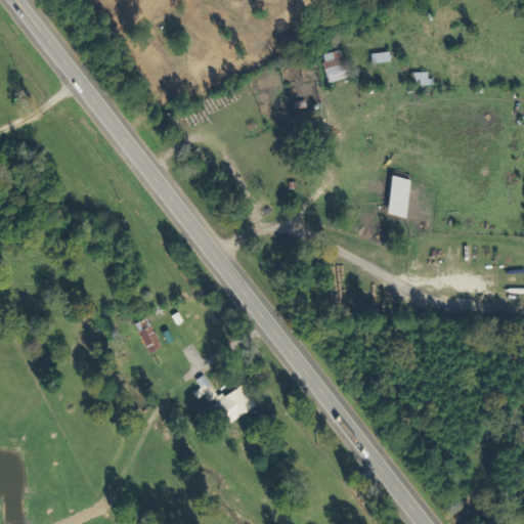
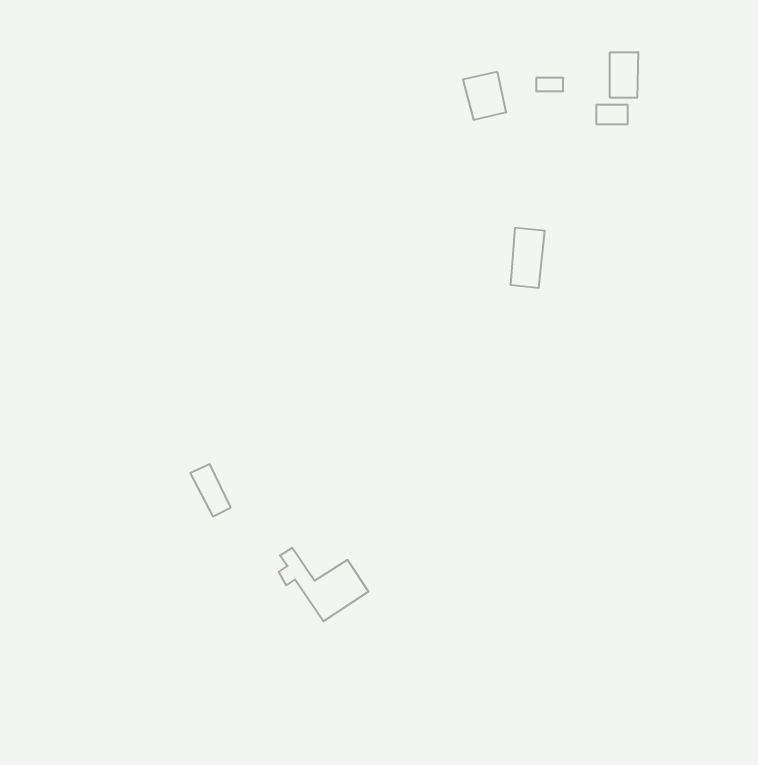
building: none -> [610,52,638,98]
building: [386,175,409,216] -> [510,228,545,288]

